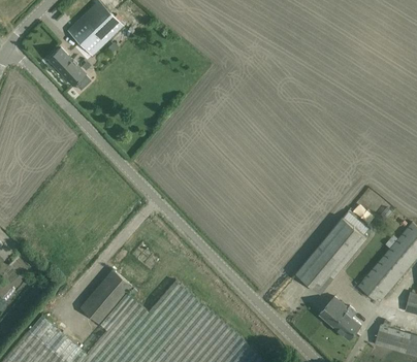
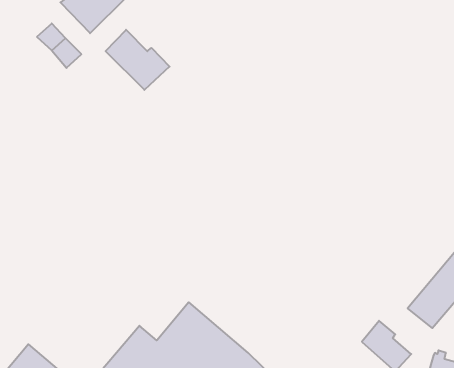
building: none -> [106,30,170,90]
building: [295,217,365,293] -> none
building: [79,269,131,323] -> none

